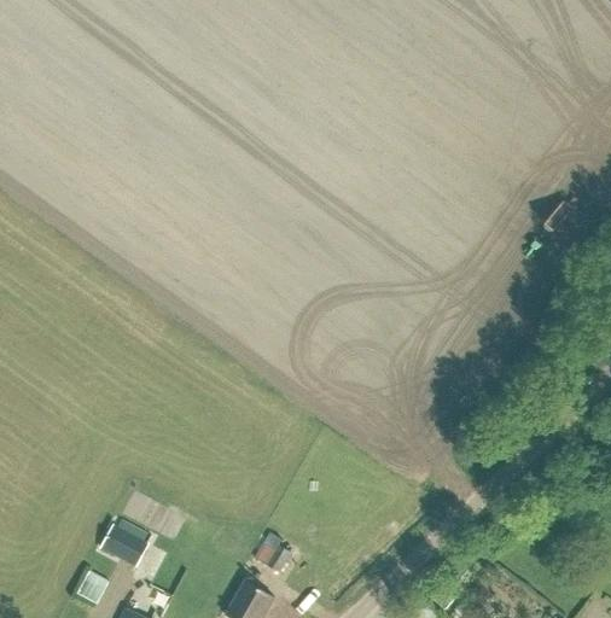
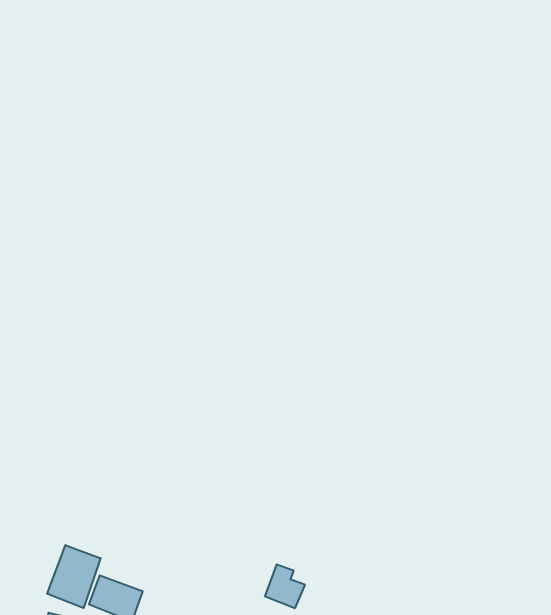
building: none -> [47,545,101,608]

